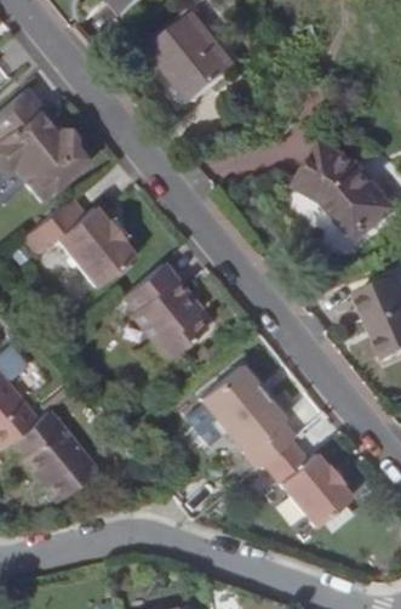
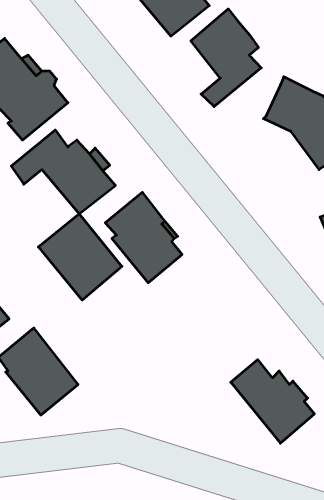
building: none -> [191,9,261,107]
building: none -> [38,214,122,300]
building: [197,364,292,471] -> none

